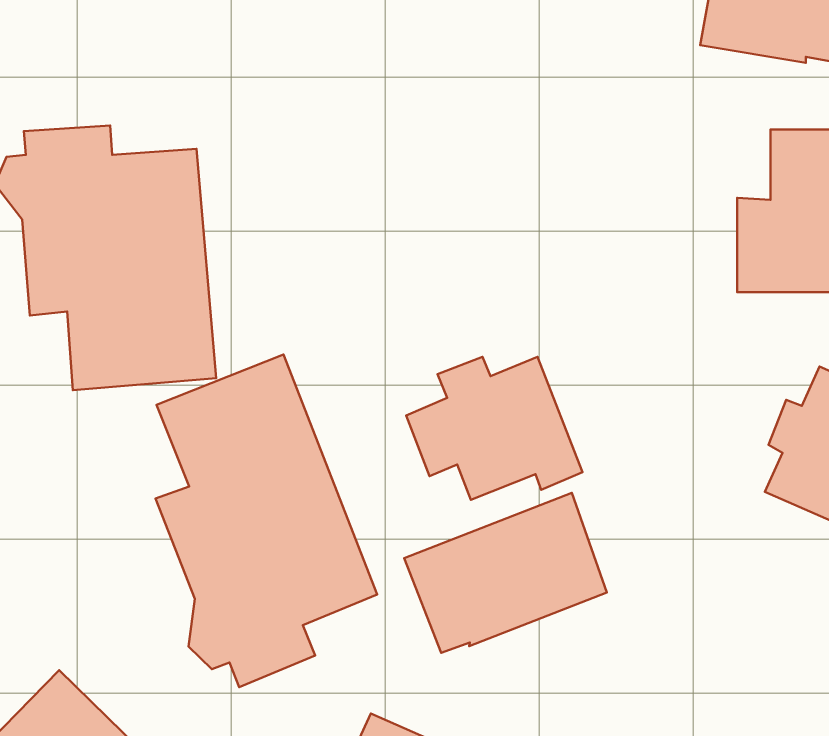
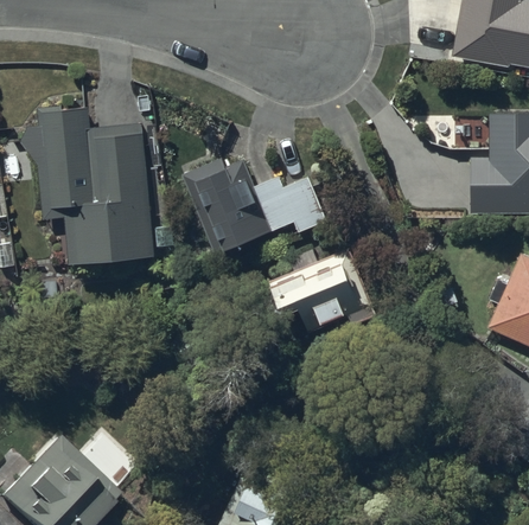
building: none -> [184,154,327,251]
building: [155,355,377,687] -> none
building: [404,493,607,653] -> none

